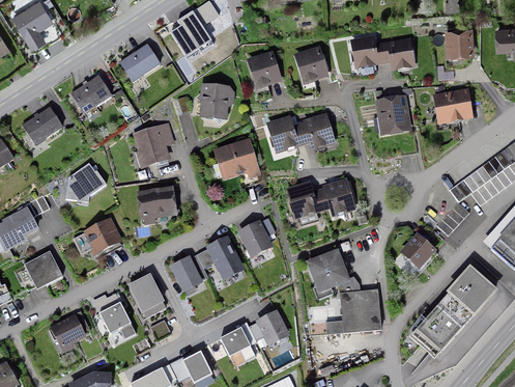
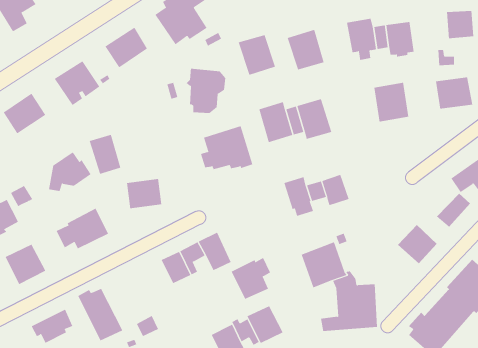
building: [136,128,167,166] -> [89,134,121,174]
building: [237,218,276,258] -> [231,257,271,300]
building: [127,274,167,319] -> none

